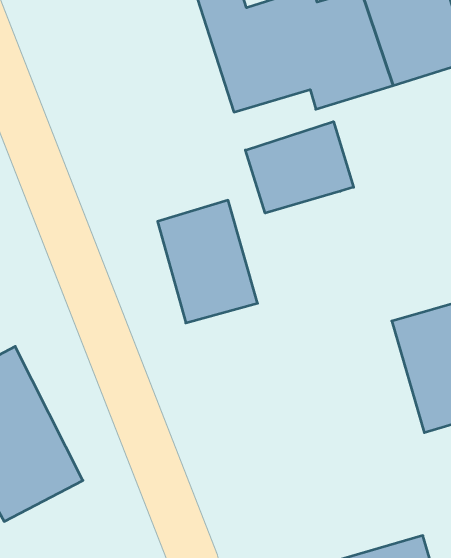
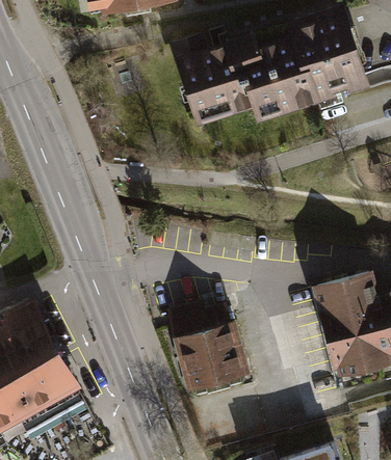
building: [245,122,354,213] -> none
building: [158,200,258,323] -> [172,299,245,389]

